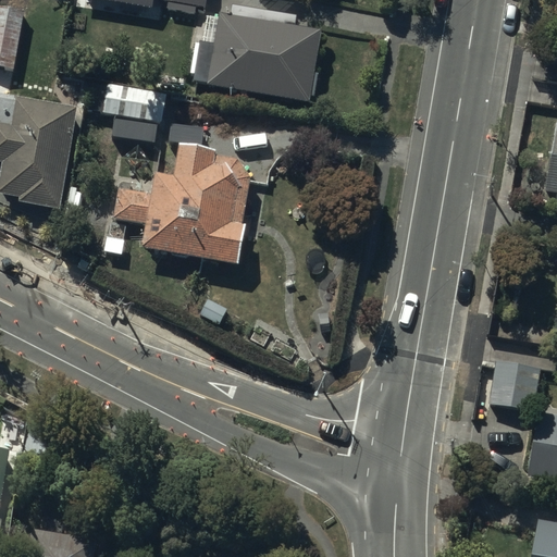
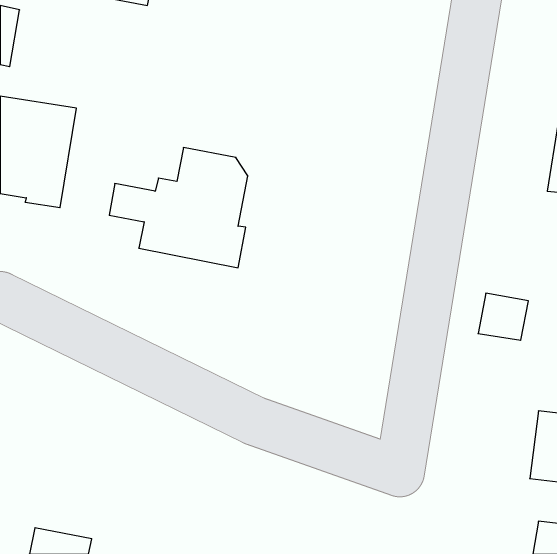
building: [197,14,314,97] -> none
building: [99,85,159,138] -> none
building: [488,360,539,407] -> [478,293,528,340]

